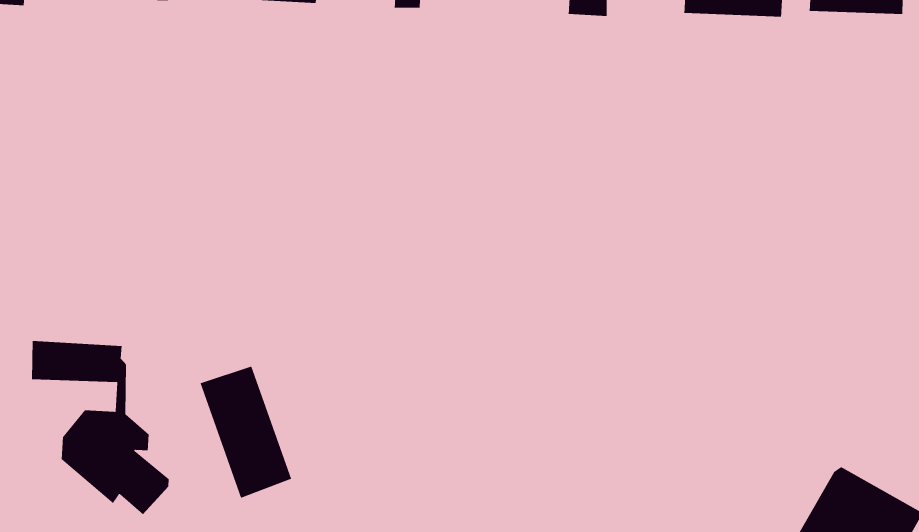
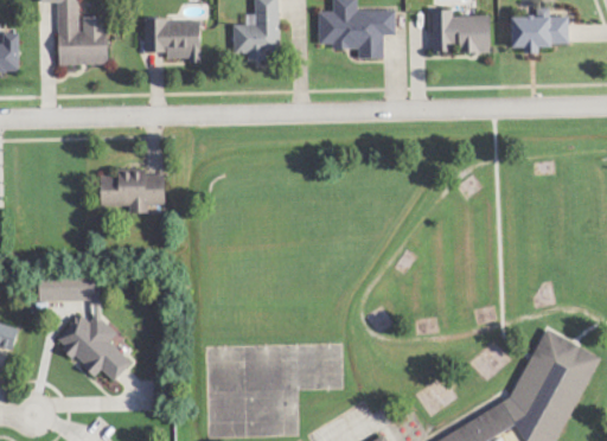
building: none -> [97,172,162,217]
building: [200,365,292,499] -> none

